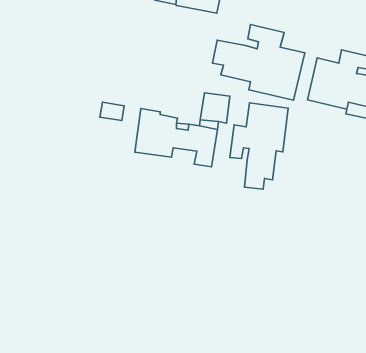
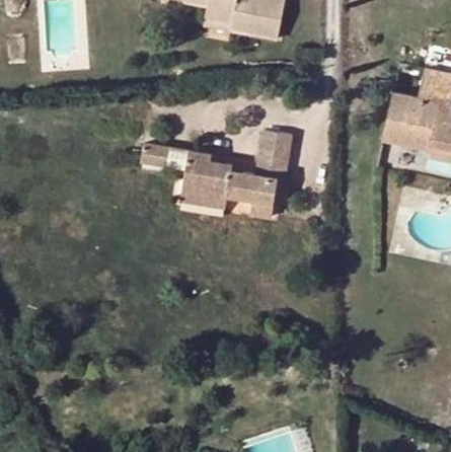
building: [212,25,305,100] -> none
building: [230,103,288,189] -> none

